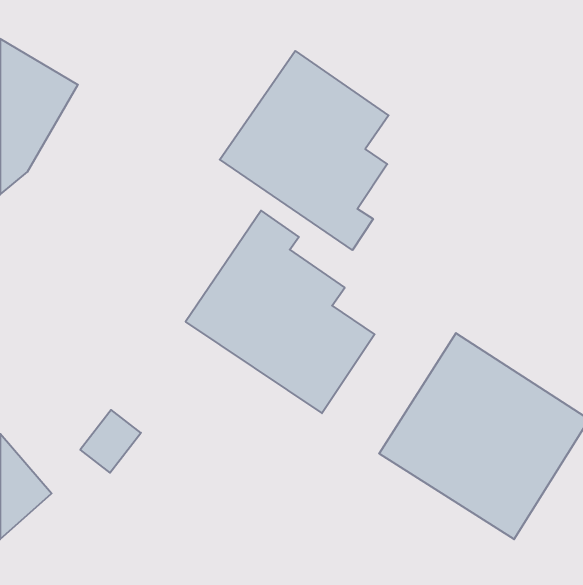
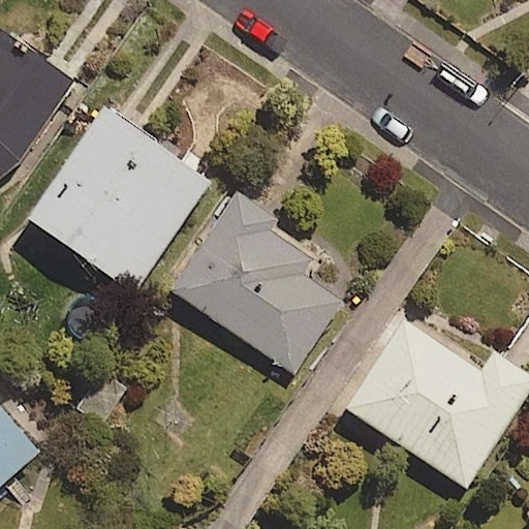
building: [220,51,389,250] -> none
building: none -> [25,110,208,292]

